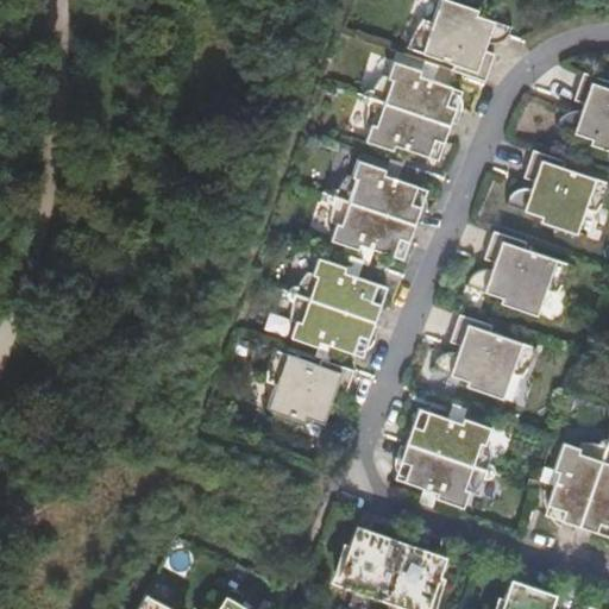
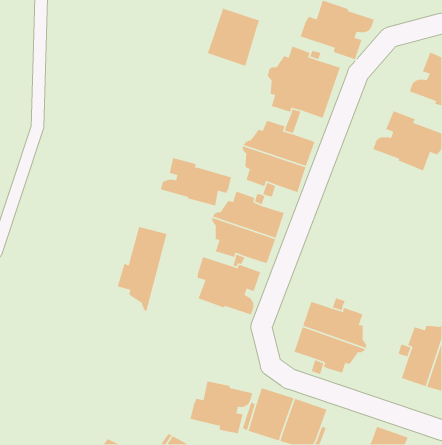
building: none -> [207,8,260,67]
building: none -> [160,157,232,207]
building: [464,232,569,315] -> none
building: none -> [117,226,167,312]
building: [433,314,536,398] -> none
building: none -> [190,381,253,434]

